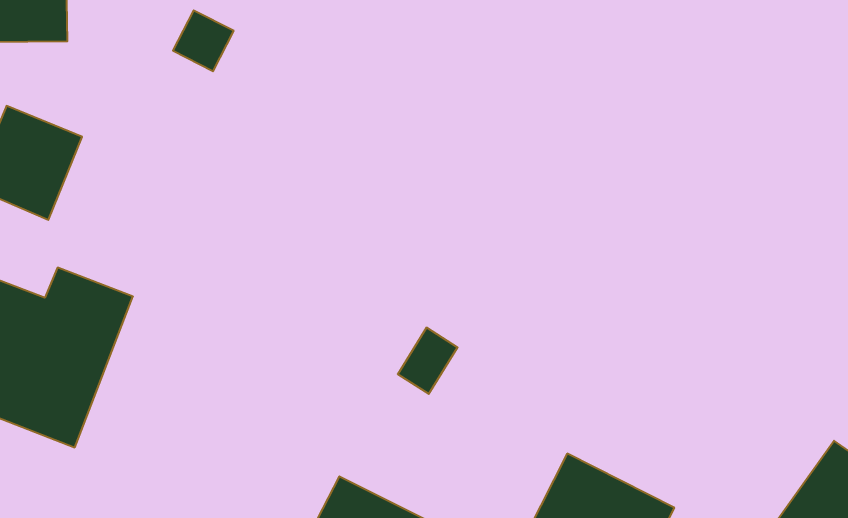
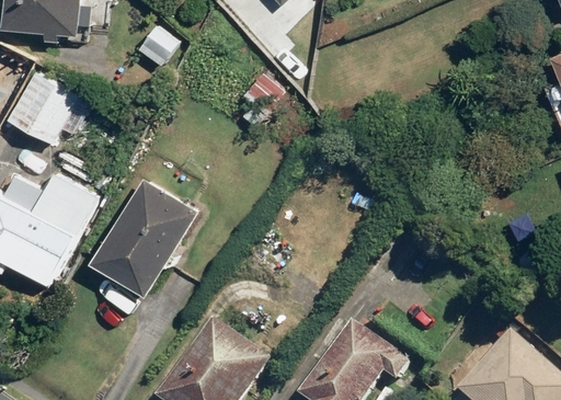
building: none -> [91,176,196,295]

